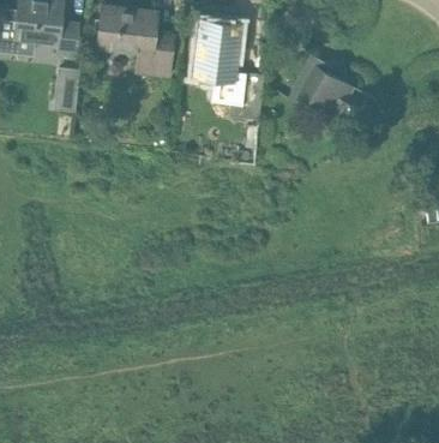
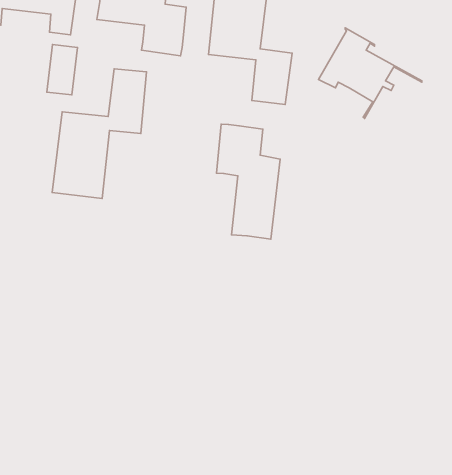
building: none -> [52,69,147,198]
building: none -> [217,124,280,239]

